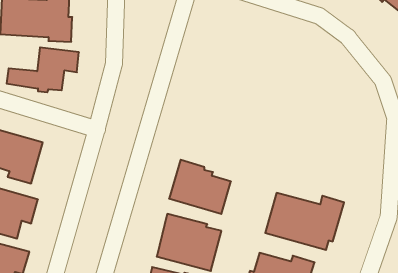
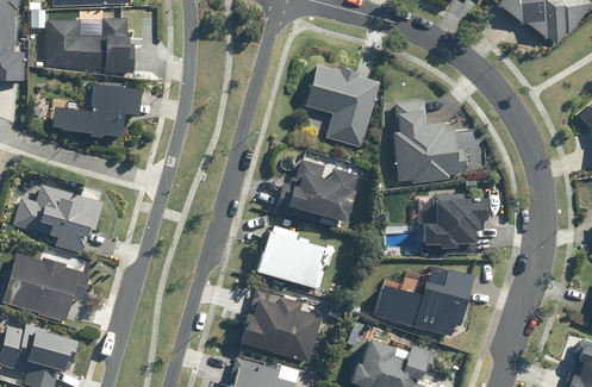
building: none -> [304,65,380,149]
building: none -> [393,99,473,185]
building: none -> [278,160,357,227]
building: none -> [423,194,486,249]

